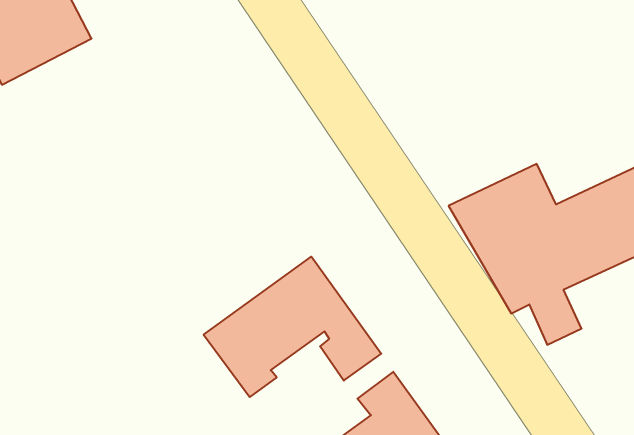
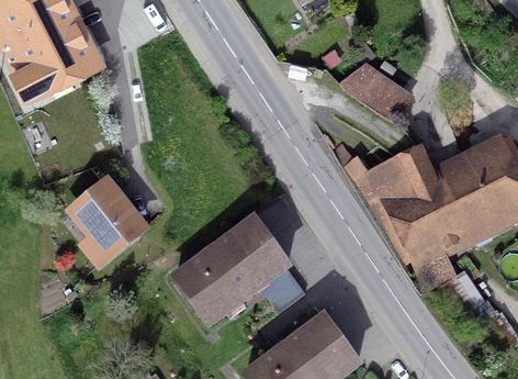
building: none -> [345,68,403,113]
building: none -> [75,183,144,263]

